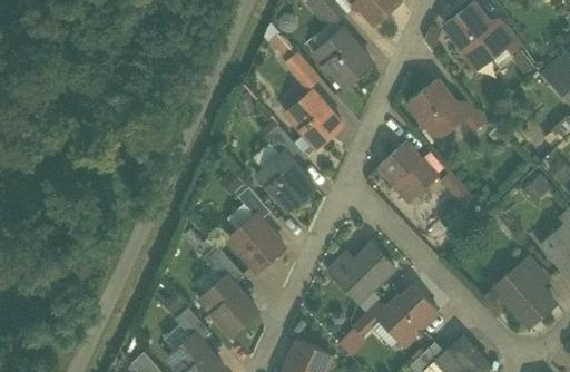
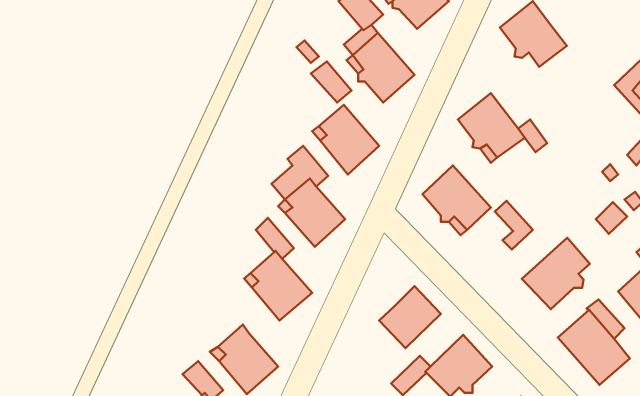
building: [462,19,521,72] -> none
building: none -> [522,238,590,309]
building: [203,245,242,284] -> none
building: [325,251,364,303] -> none

